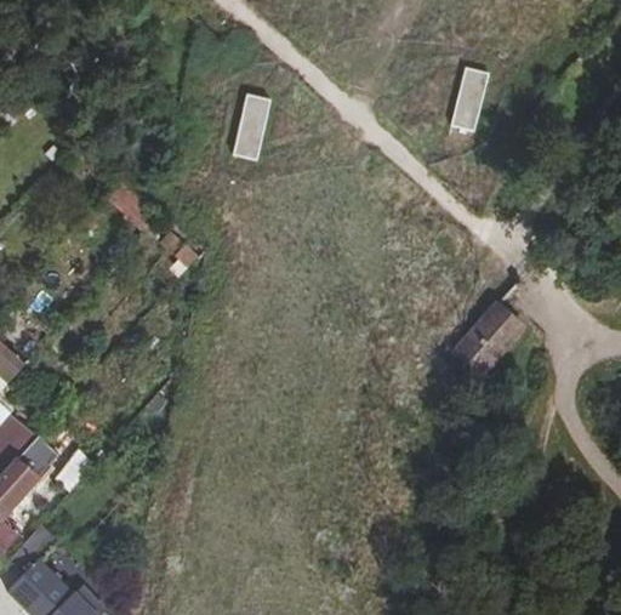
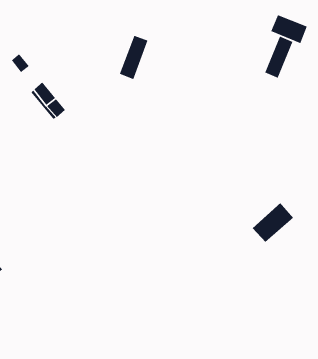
building: none -> [270,14,308,44]

